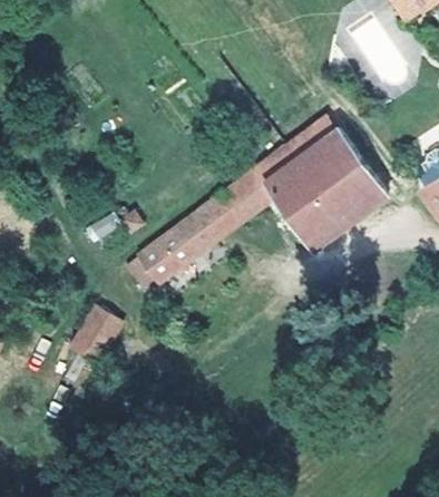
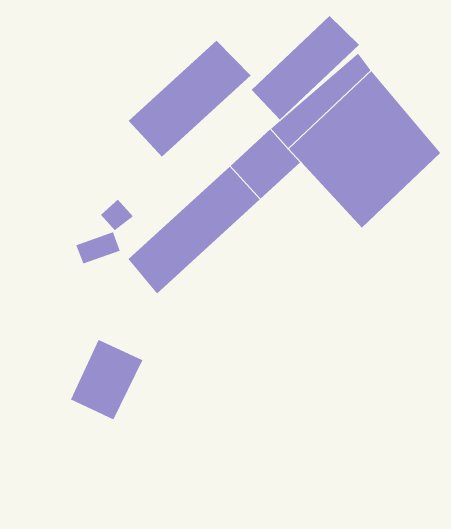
building: none -> [251,15,360,120]
building: none -> [128,40,252,158]

